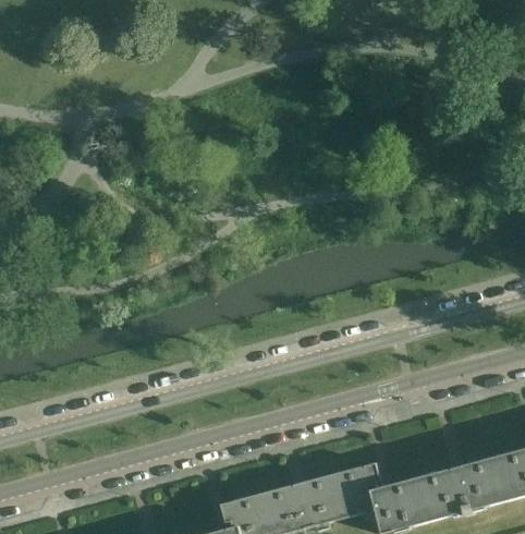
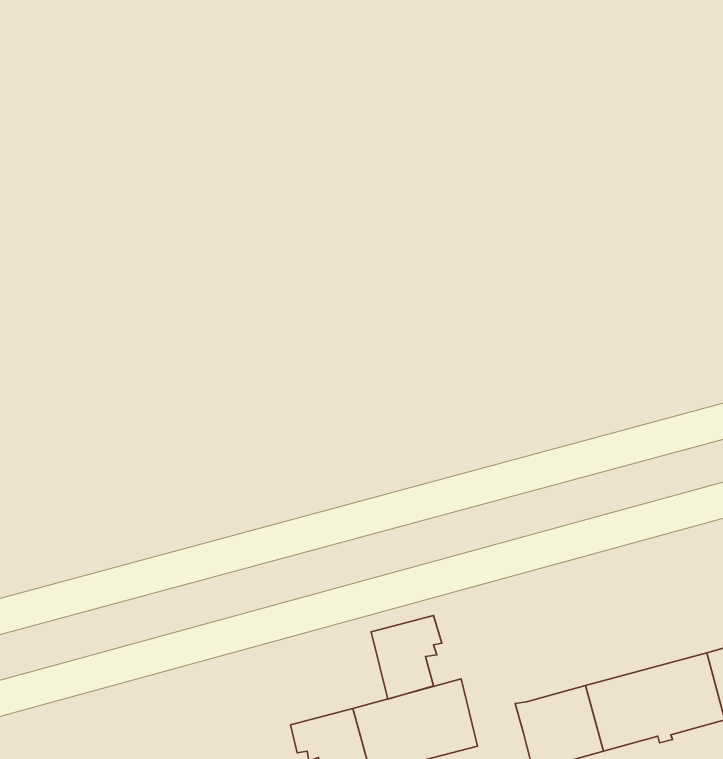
building: [332,462,379,518] -> [371,615,442,699]

